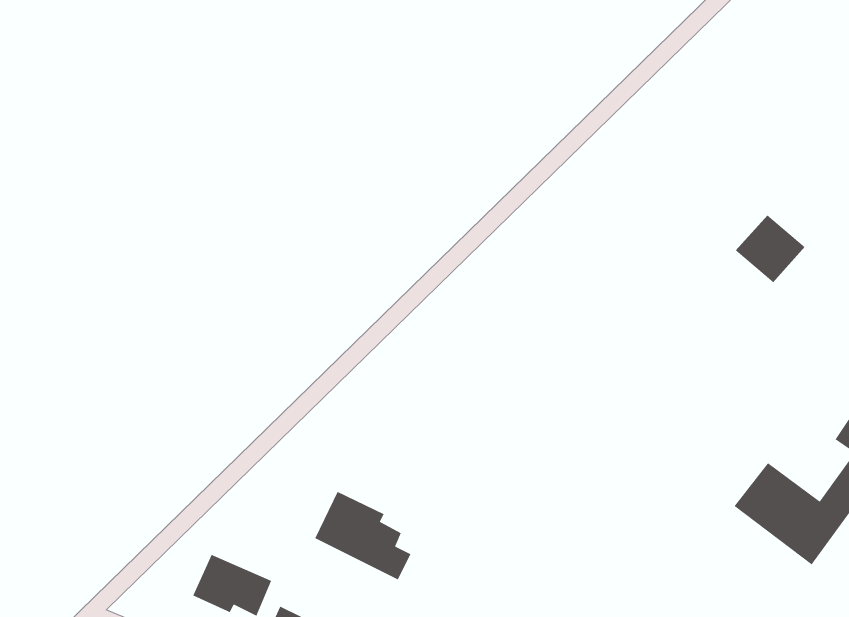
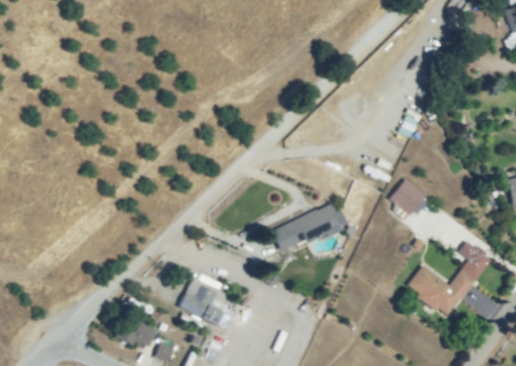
building: [735,214,806,283] -> [390,177,428,214]
building: none -> [272,200,350,251]

